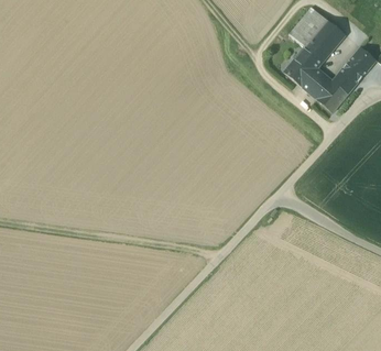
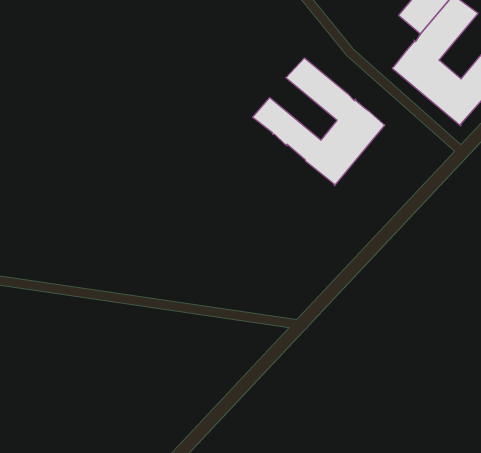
building: none -> [252,58,385,186]

